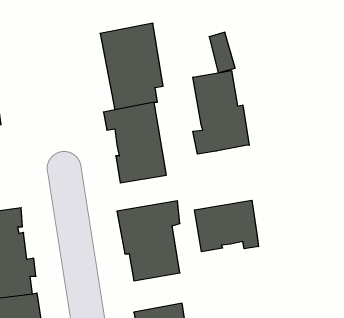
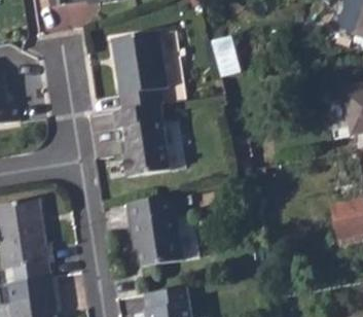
building: [193,71,249,154] -> none
building: [194,200,258,252] -> none

